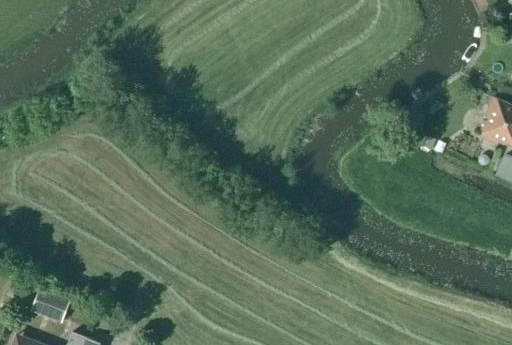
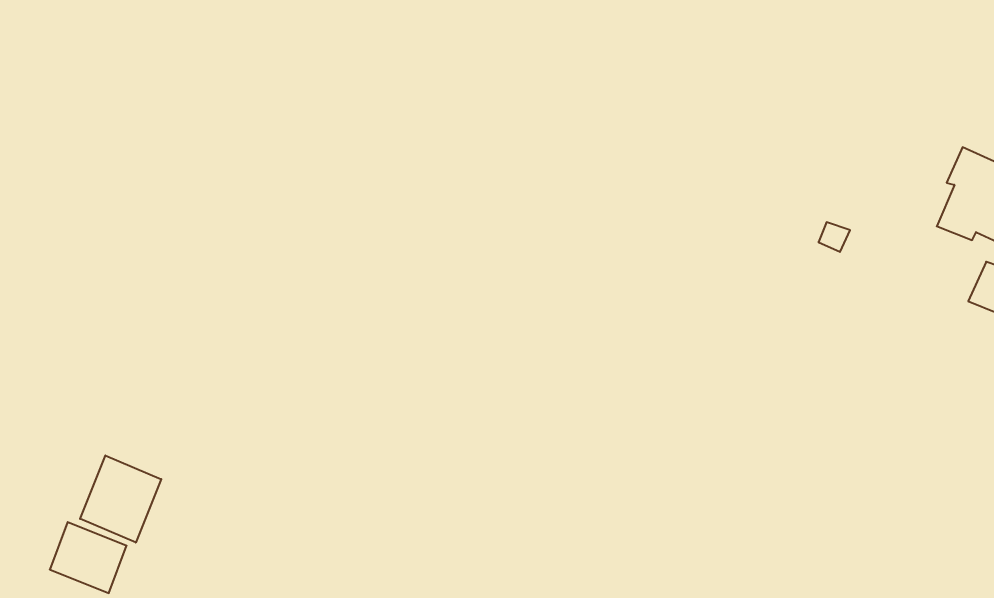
building: none -> [80,455,161,543]

